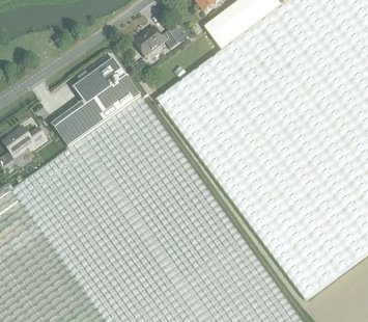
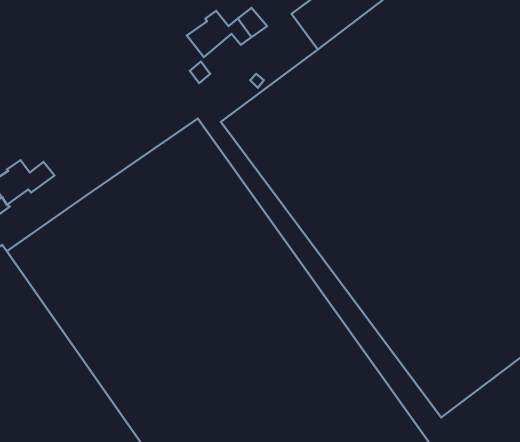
building: [52,60,138,145] -> none

